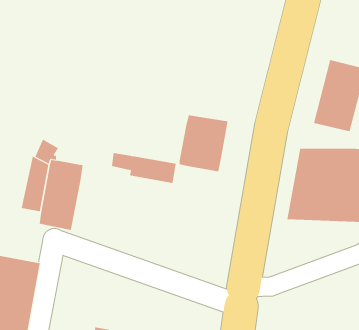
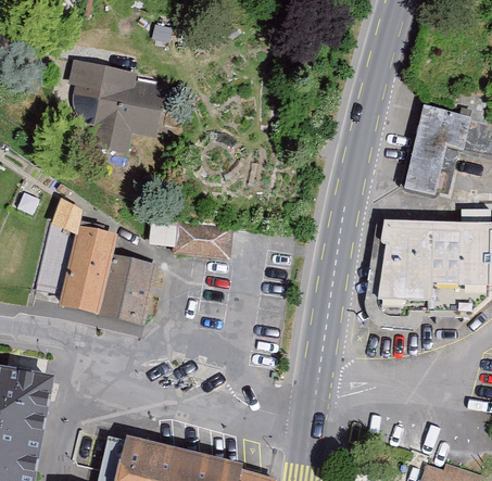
building: none -> [65,63,156,159]
building: [179,114,228,172] -> none
building: none -> [97,260,148,330]

